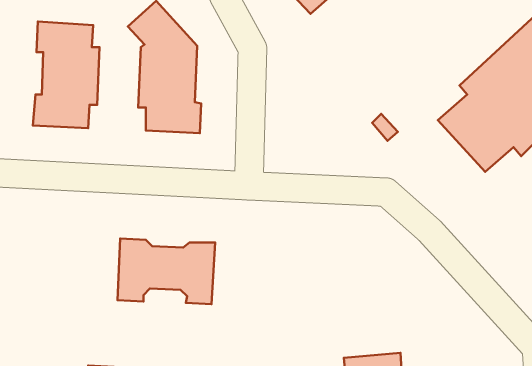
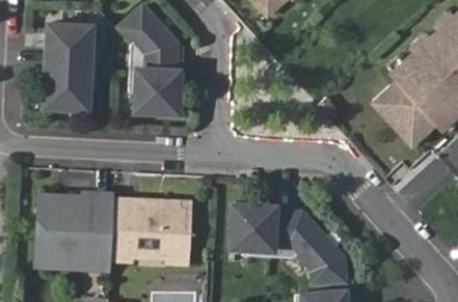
building: none -> [36,193,114,267]
building: none -> [230,204,345,282]

